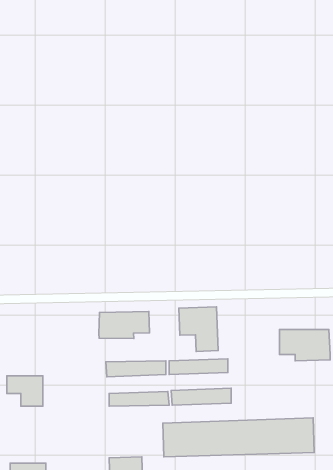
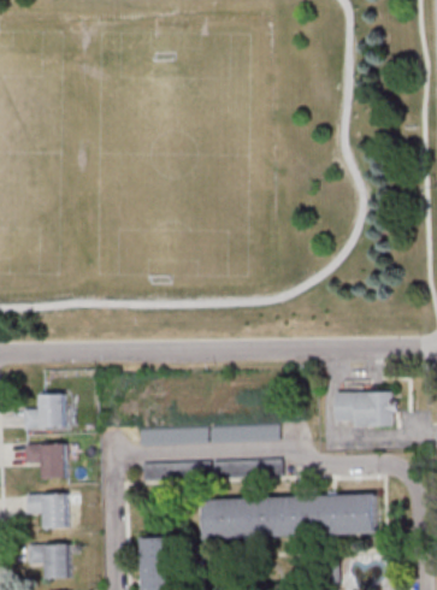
building: [179,307,218,351] -> none
building: [99,312,149,339] -> none
building: none -> [24,395,65,427]
building: none -> [28,495,67,529]

